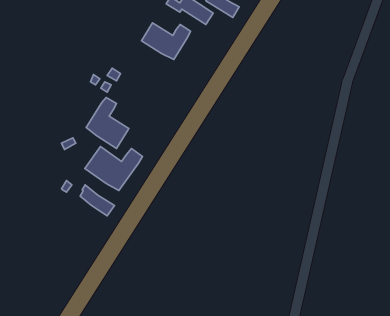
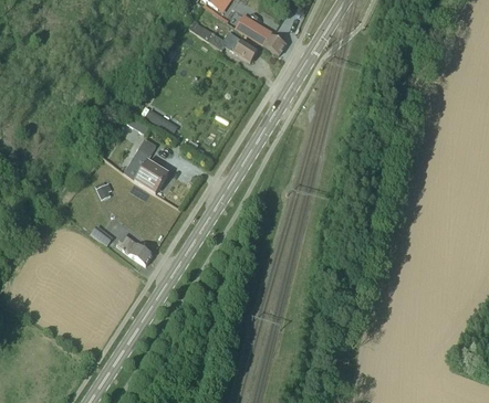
building: [141,23,190,59] -> none
building: [85,147,142,191] -> none

